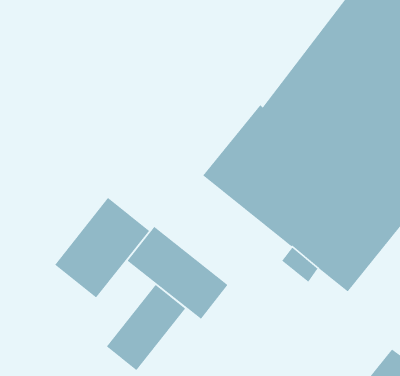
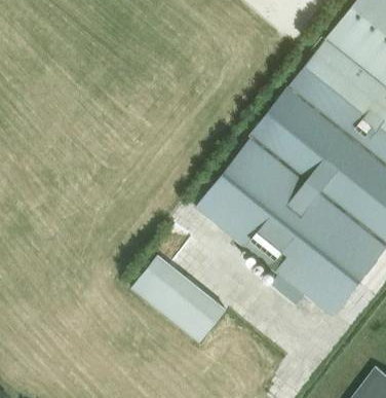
building: [54,197,150,299] -> none
building: [106,284,186,371] -> none

